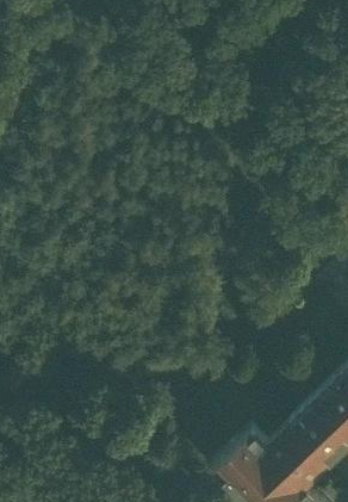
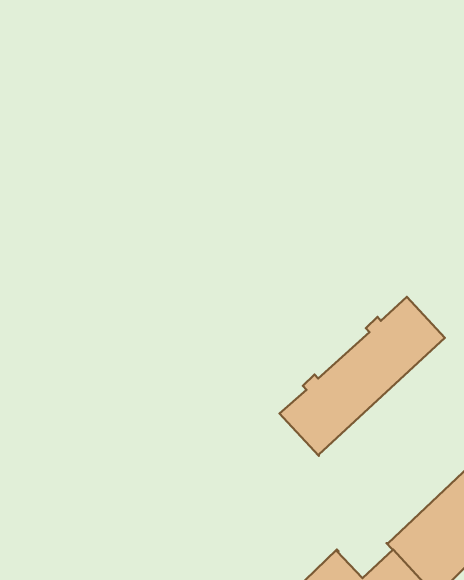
building: none -> [279,297,445,456]

